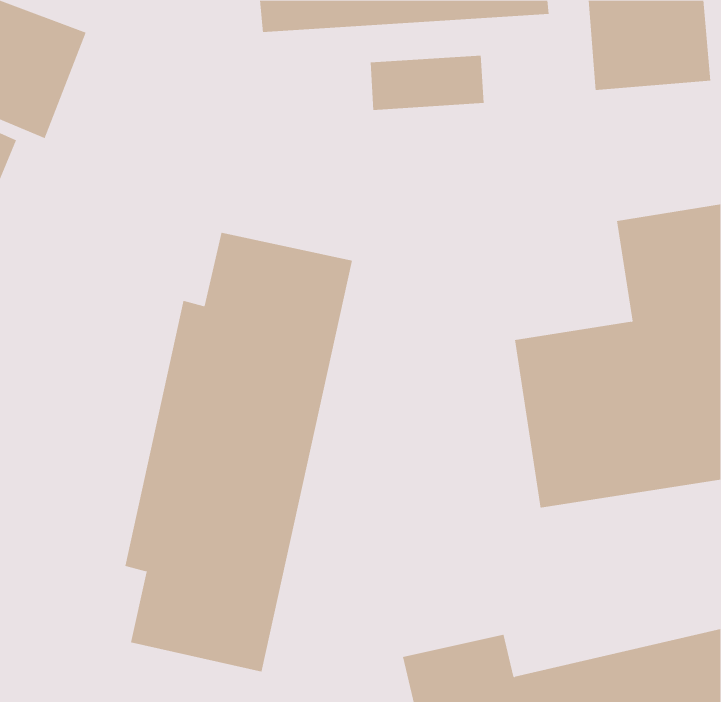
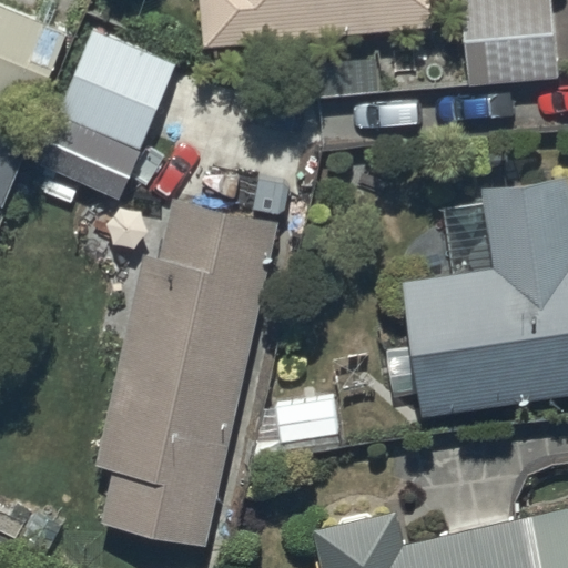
building: none -> [60,36,172,149]

